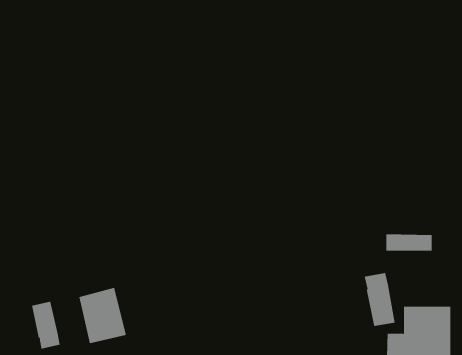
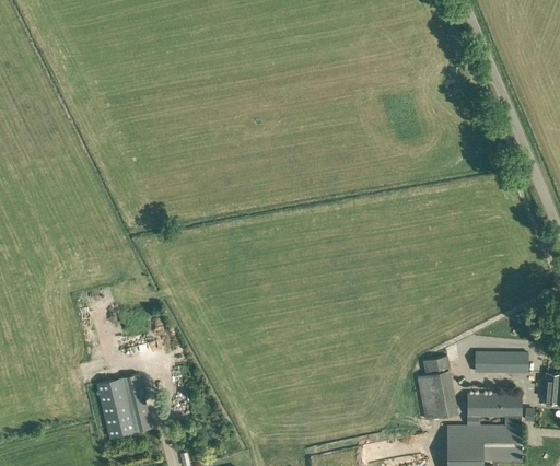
building: [385,234,433,251] -> [474,352,527,372]
building: [32,301,60,350] -> none

